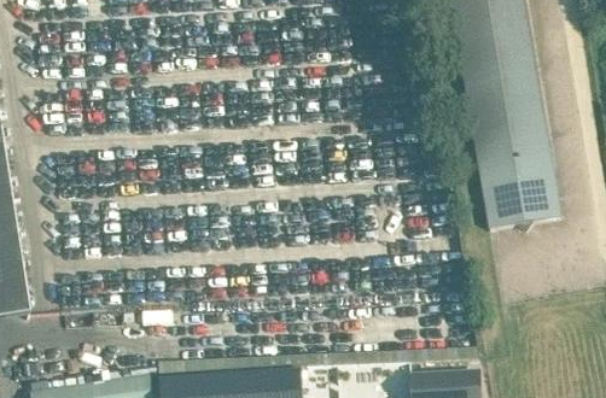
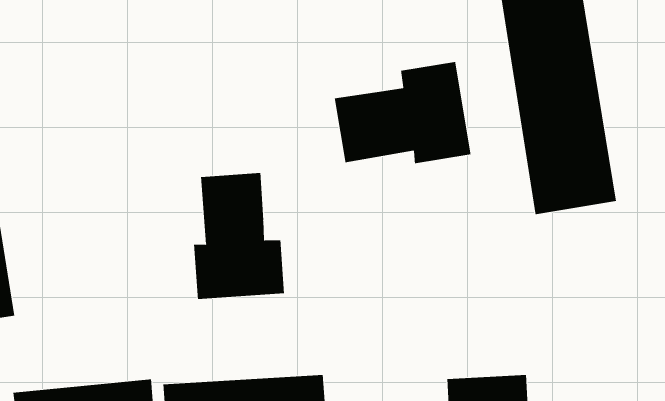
building: none -> [334,61,471,164]
building: none -> [194,172,284,300]

